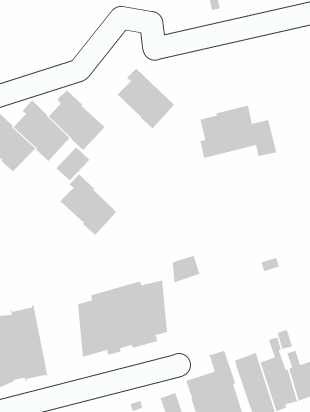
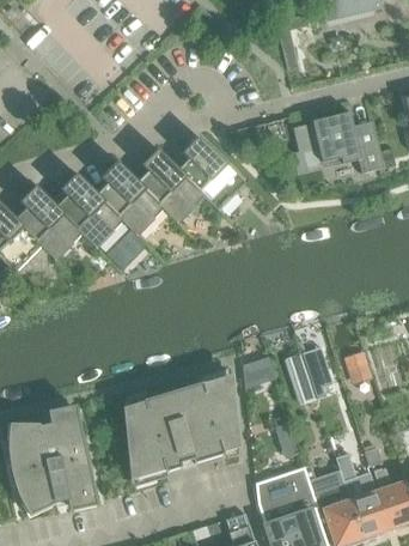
building: [200,105,277,159] -> [293,110,384,174]
building: [59,174,118,236] -> [136,148,204,222]
building: none -> [300,346,332,399]

